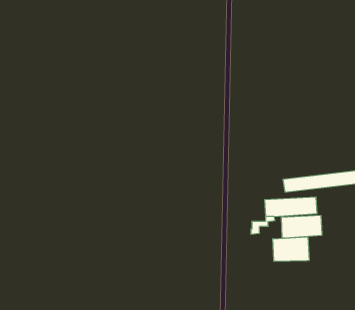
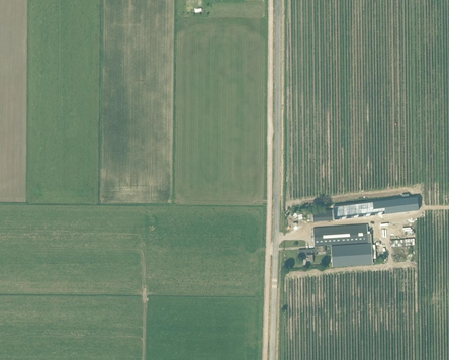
building: [273,237,309,261] -> none

